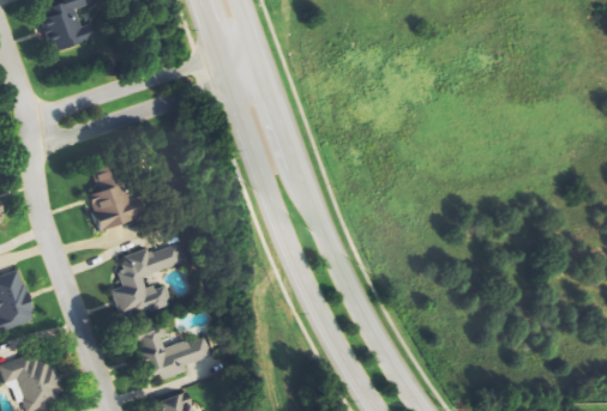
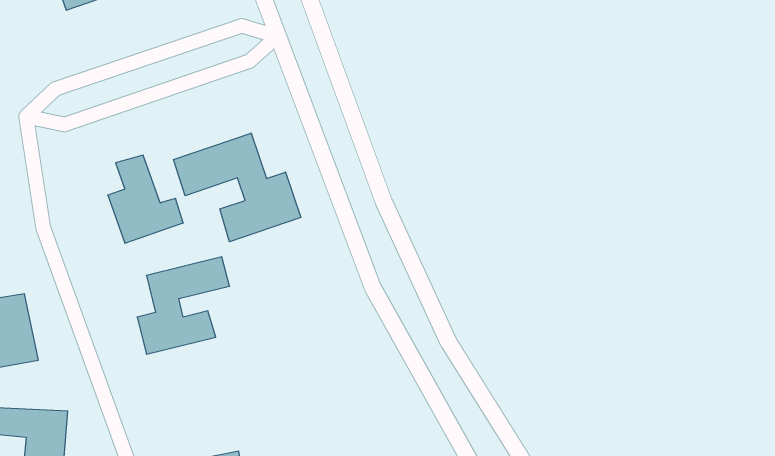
building: none -> [174,133,301,242]
building: [132,327,208,382] -> none

